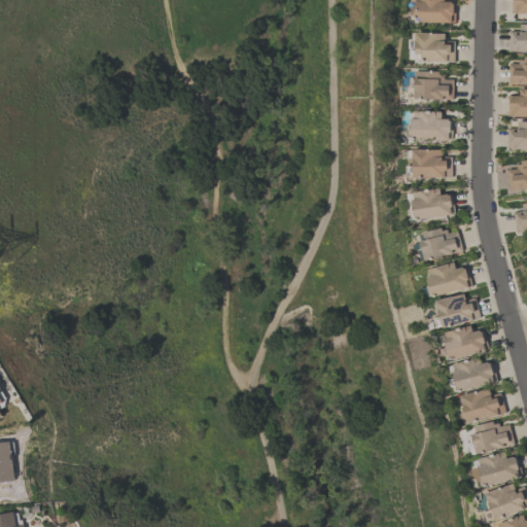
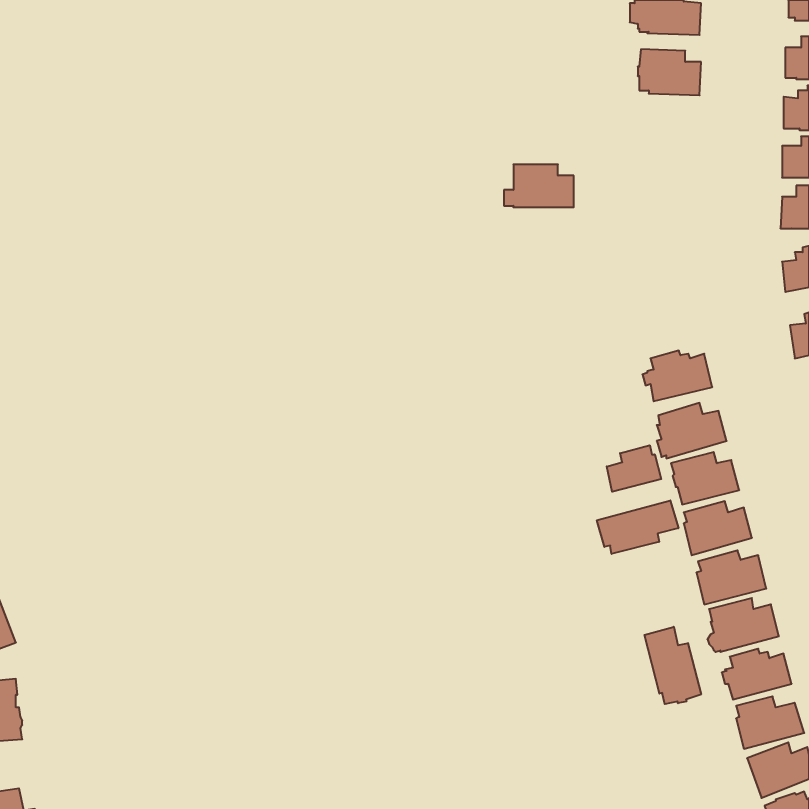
building: [411,72,453,100] -> none
building: [412,112,452,141] -> none
building: [407,150,452,178] -> [504,164,574,207]
building: [410,189,455,221] -> none
building: none -> [607,445,661,492]
building: none -> [597,500,678,554]
building: none -> [644,627,701,704]

